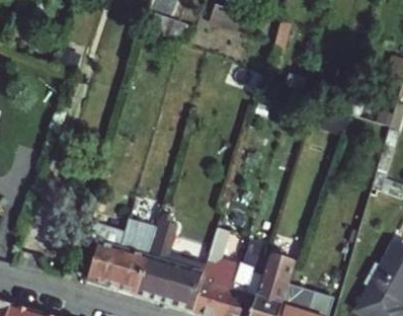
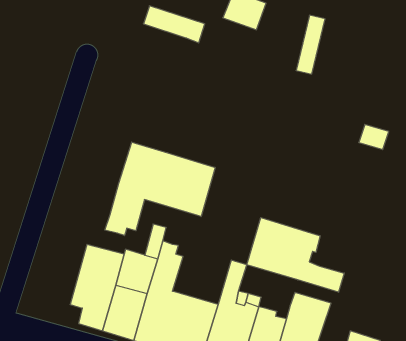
building: none -> [105,142,215,236]
building: none -> [247,218,344,292]

